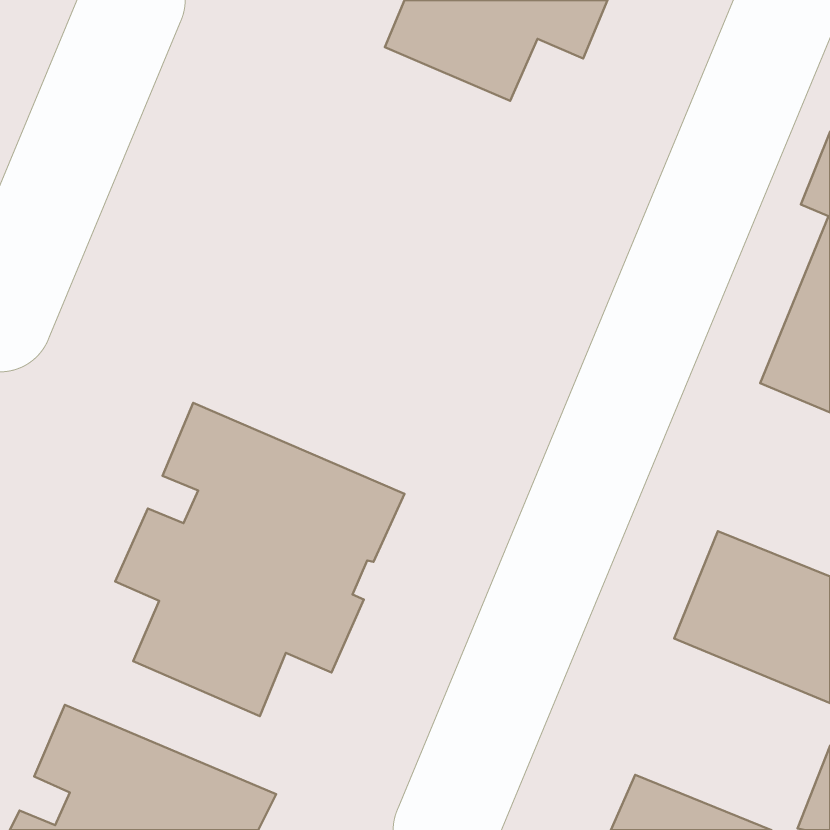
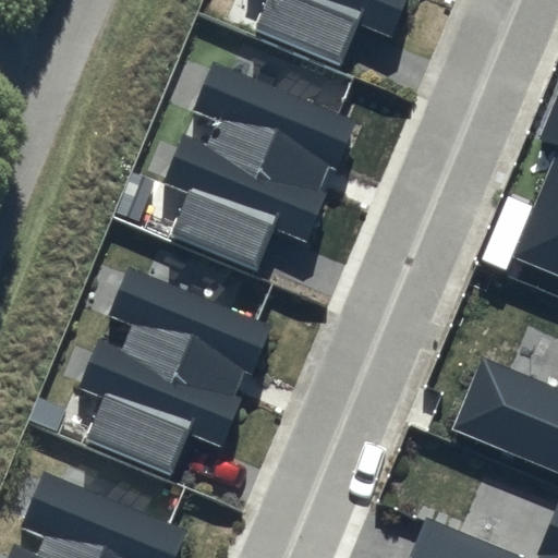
building: none -> [162,63,355,272]

